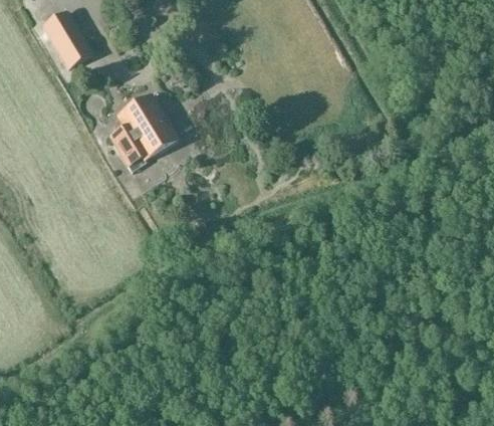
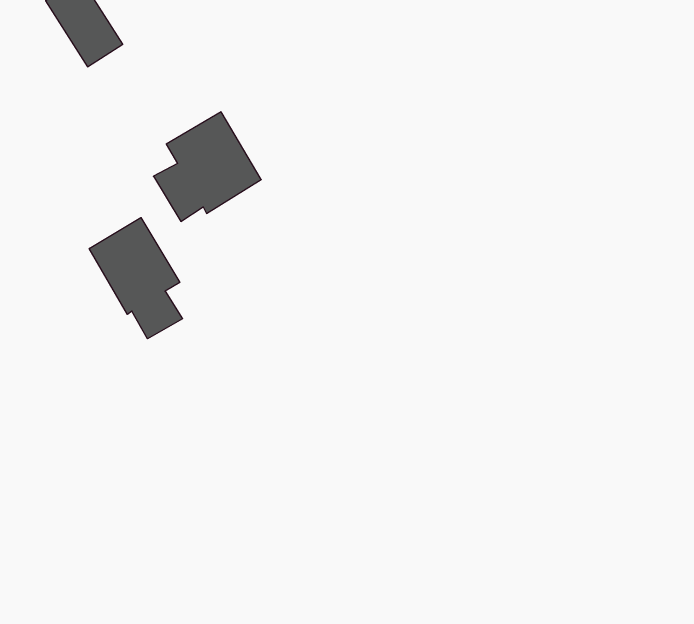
building: none -> [89,218,183,339]

